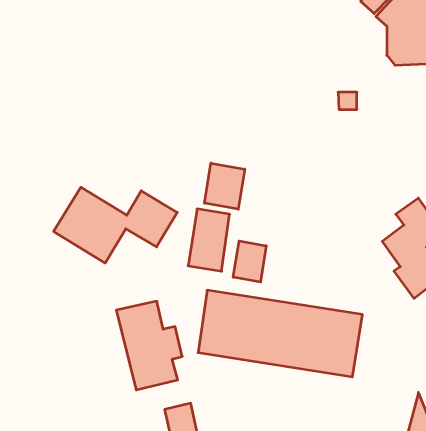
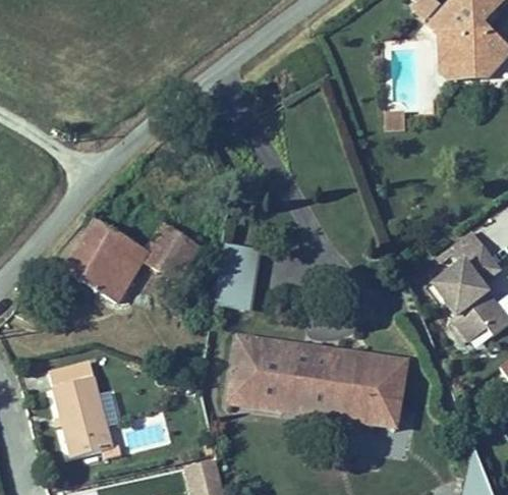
building: [205,163,245,209] -> none
building: [233,241,266,282] -> none
building: [116,301,182,390] -> [45,359,119,458]

